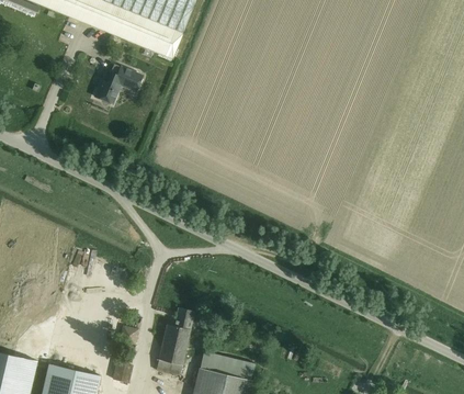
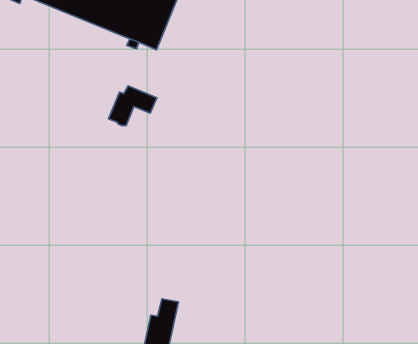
building: [94,64,143,103] -> [108,86,157,125]

